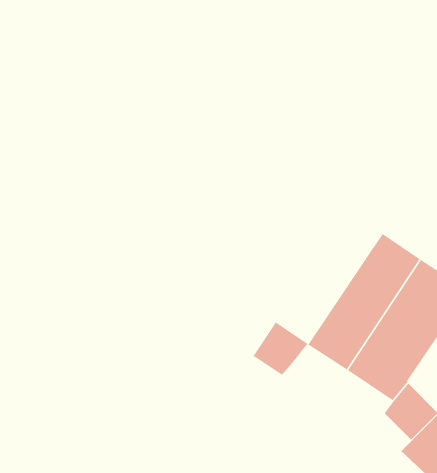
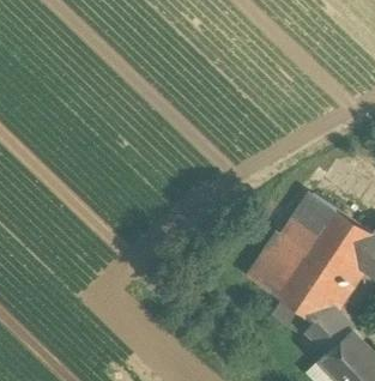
building: [253,322,308,376] -> none

